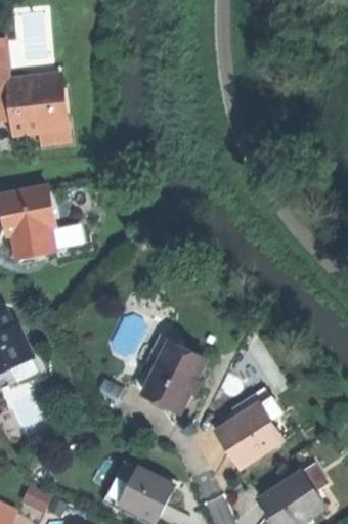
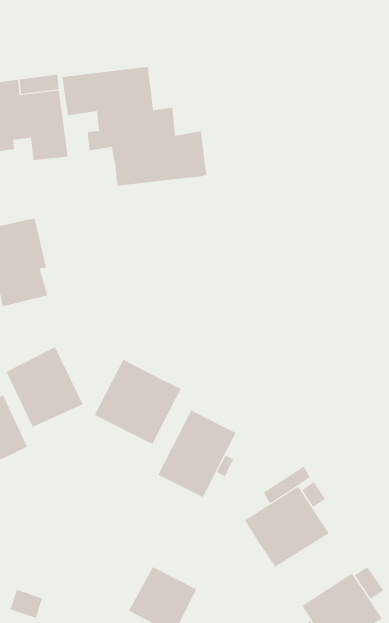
building: none -> [62,66,207,187]
building: none -> [6,347,83,428]
building: none -> [94,359,181,445]

